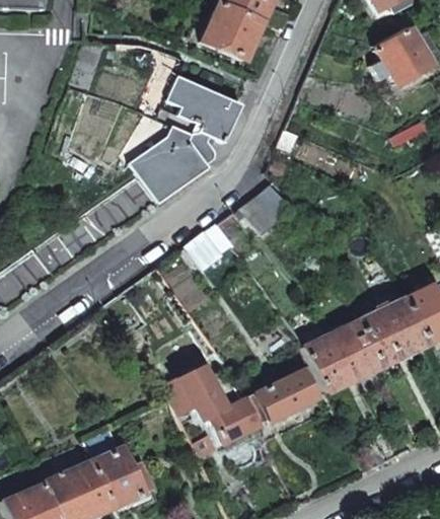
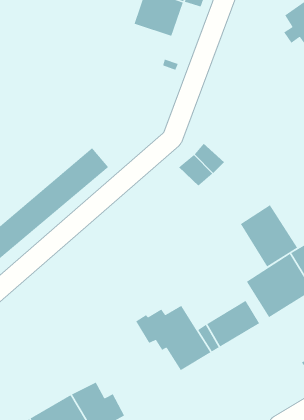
building: [130,75,242,203] -> none
building: [186,224,233,270] -> none
building: none -> [240,204,298,267]

